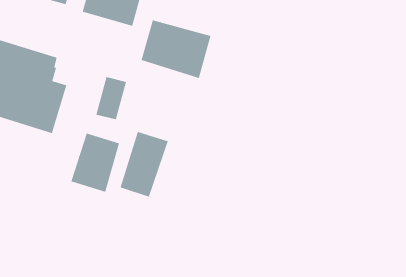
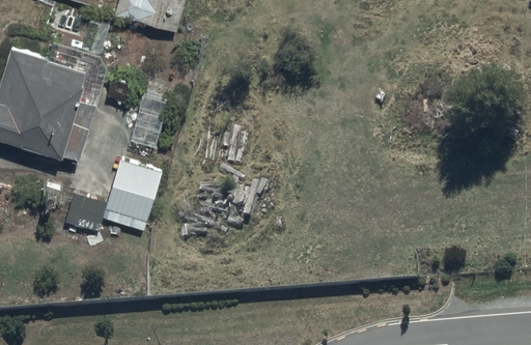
building: [141,19,211,79] -> none
building: [120,131,168,197] -> none

